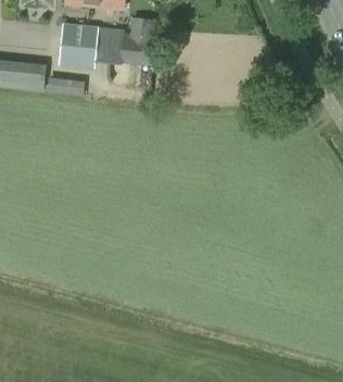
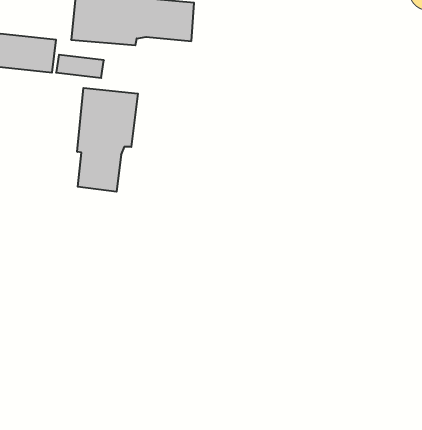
building: none -> [77,88,138,192]

